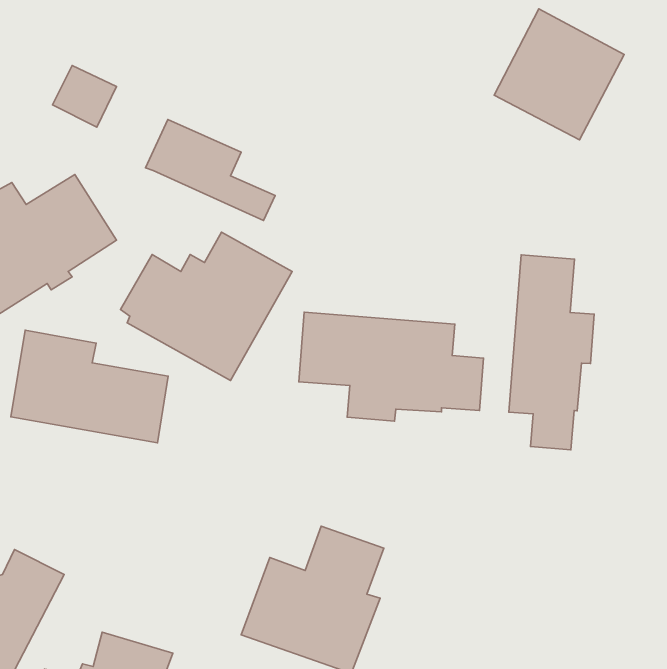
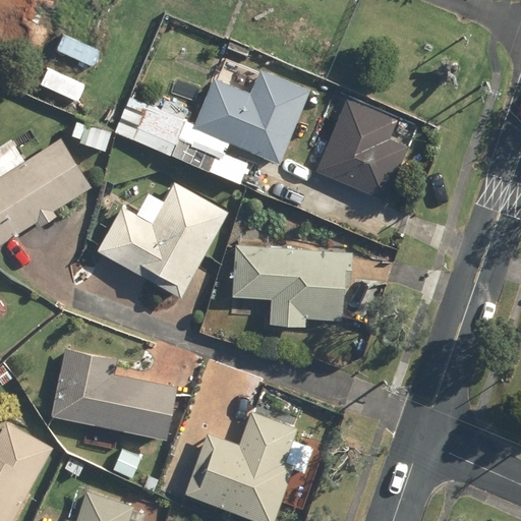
building: [494,9,624,140] -> [312,99,413,200]
building: none -> [187,70,310,167]
building: [509,255,594,450] -> none
building: [11,330,168,443] -> [51,350,173,438]

